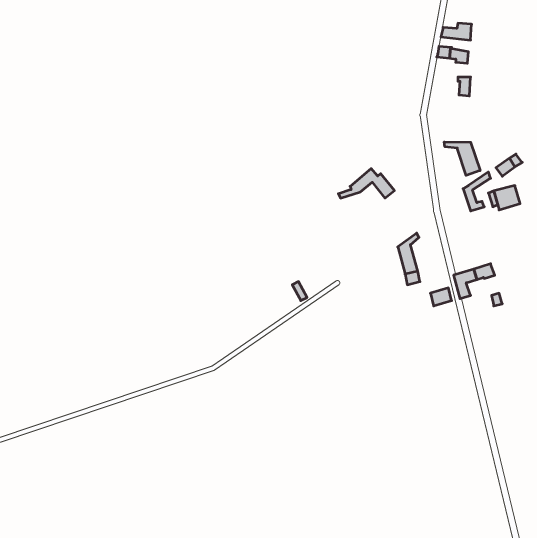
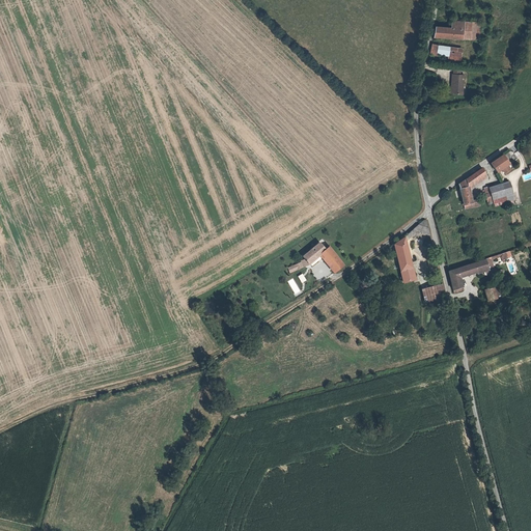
building: [444,142,480,175] -> none
building: [338,169,394,198] -> [289,242,344,271]

